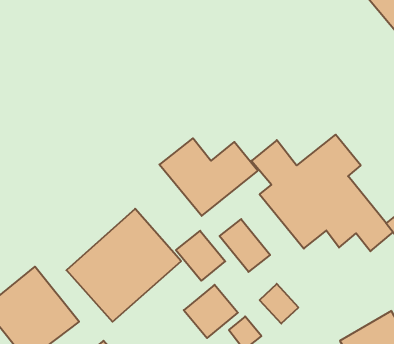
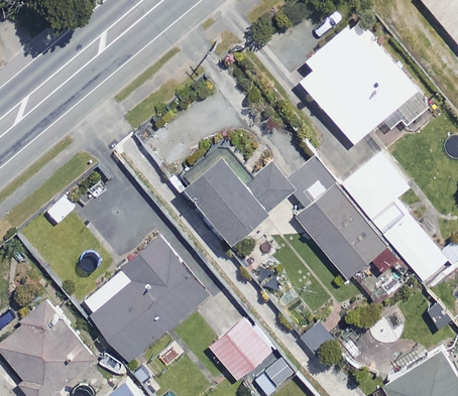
building: none -> [300,28,417,145]
building: [220,219,270,272] -> none
building: [176,231,225,281] -> none

